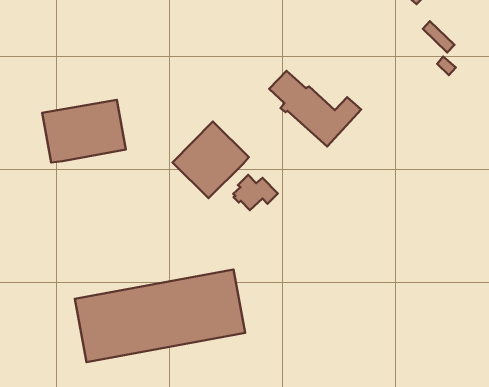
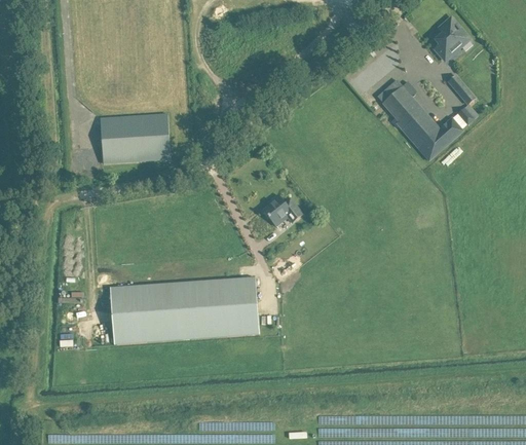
building: [269,71,361,147] -> [382,87,462,159]
building: [173,121,249,198] -> none

